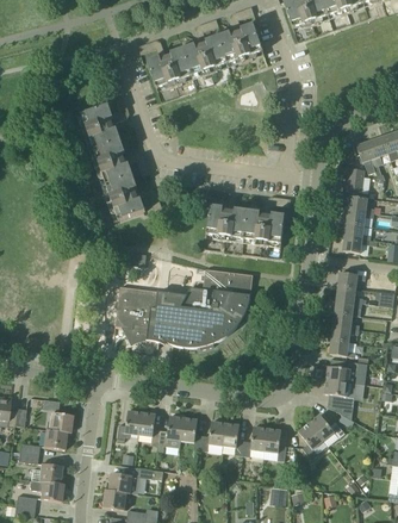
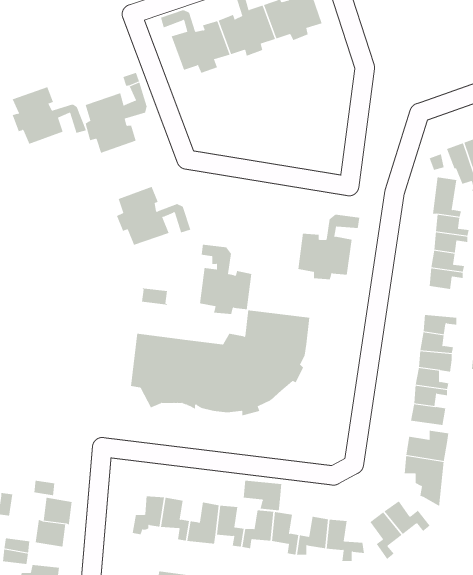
building: [93,139,150,183] -> [12,87,87,144]
building: [206,187,247,241] -> [199,244,252,314]
building: none -> [243,480,282,511]

